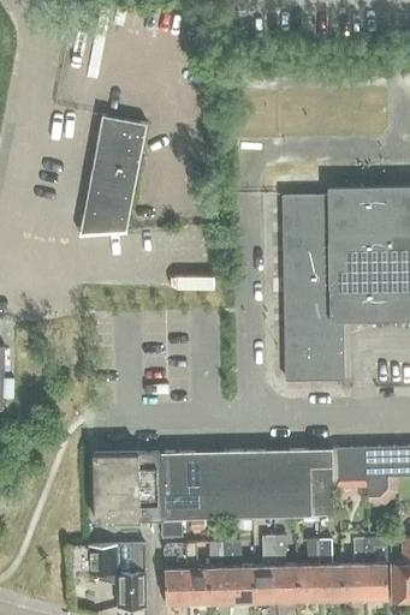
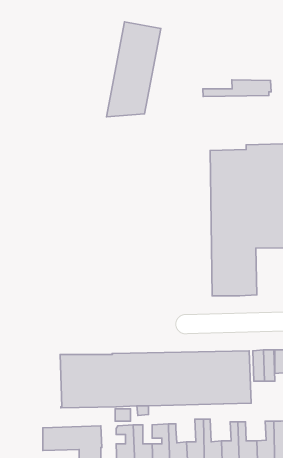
building: none -> [203,80,271,97]
building: [79,115,148,235] -> [107,22,161,117]

